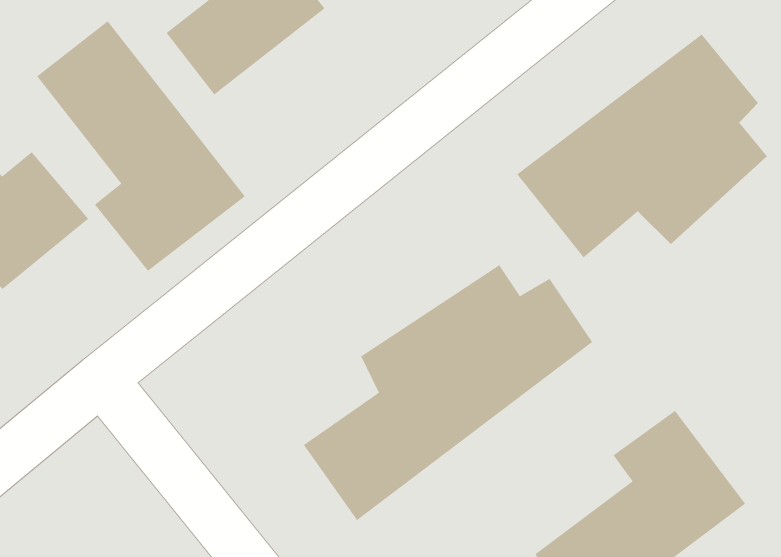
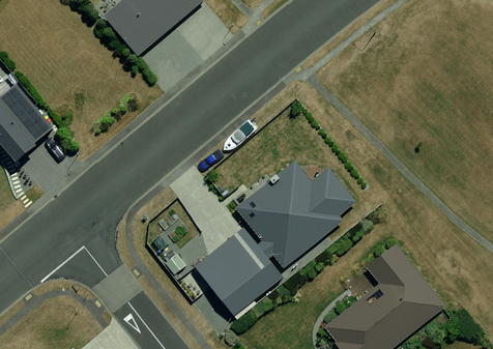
building: [36,20,246,272] -> none
building: [516,33,768,259] -> none

